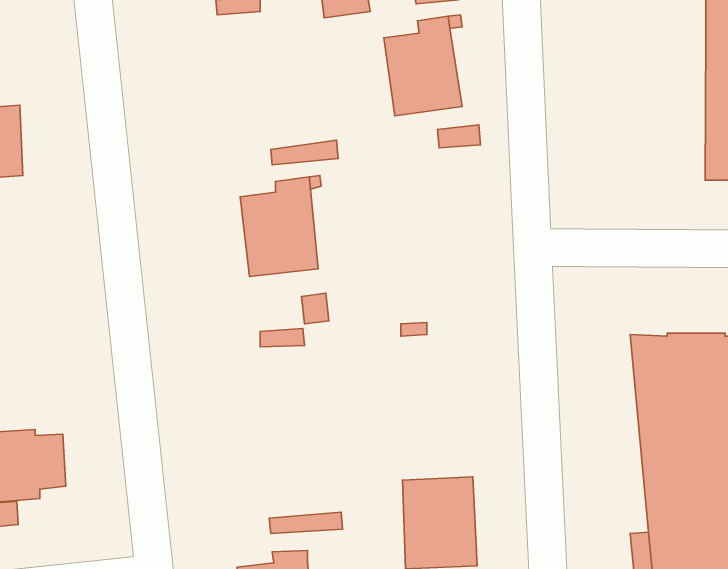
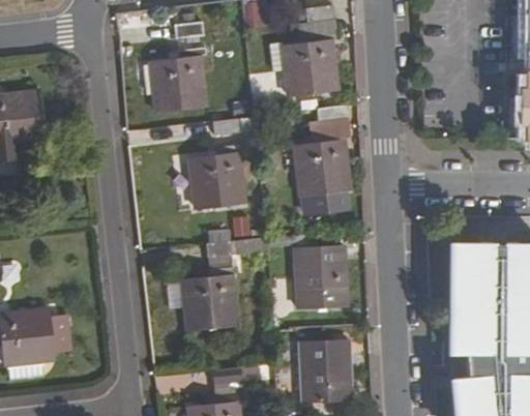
building: none -> [150,42,202,107]
building: none -> [301,130,354,213]
building: none -> [296,248,347,308]
building: none -> [179,268,230,332]

